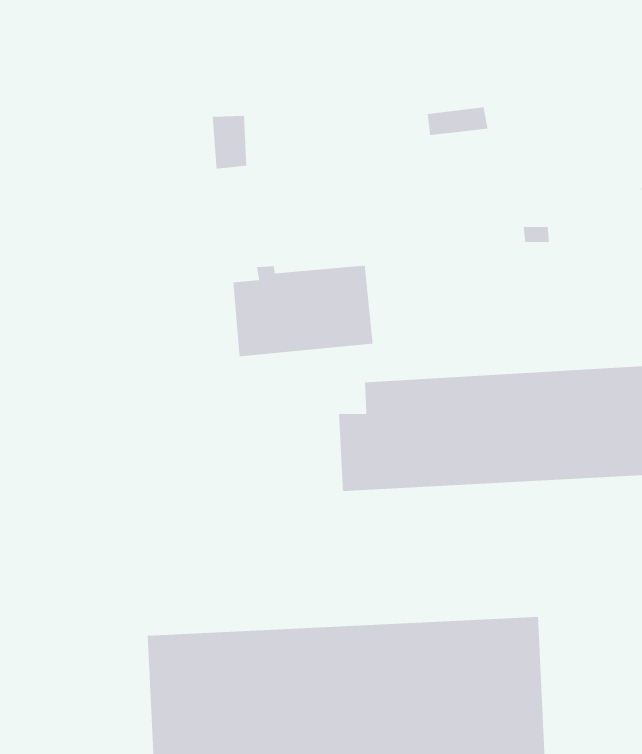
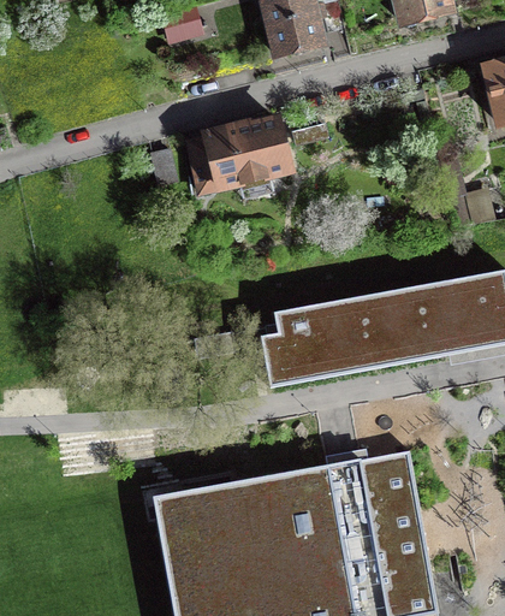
building: [232,265,373,357] -> [191,118,290,190]

